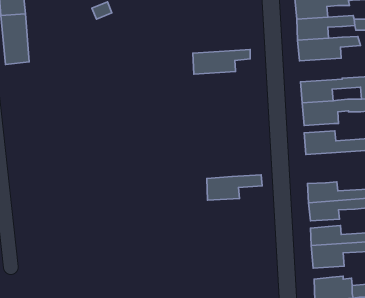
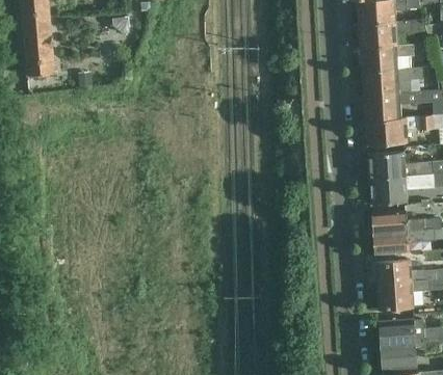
building: [193,50,250,74] -> [362,68,427,96]
building: [207,175,262,200] -> [369,175,433,204]

